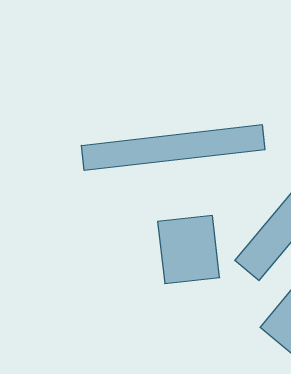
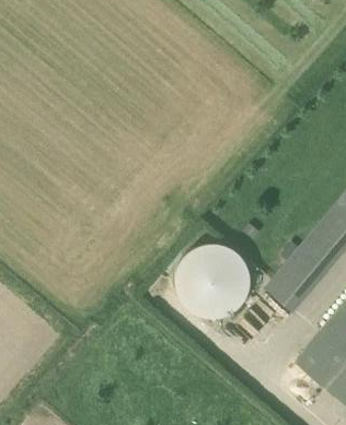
building: [81,125,265,170] -> none

